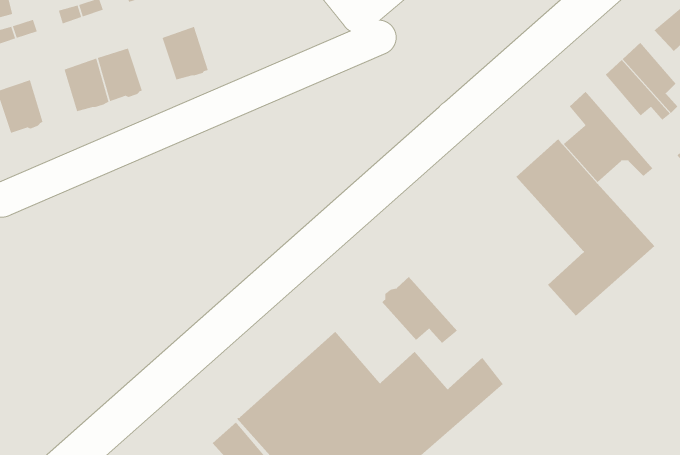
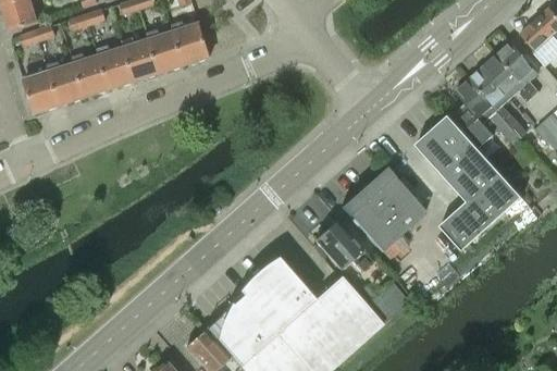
building: none -> [173,23,209,64]
building: none -> [123,39,159,79]
building: none -> [49,63,84,103]
building: none -> [469,67,527,138]
building: none -> [339,166,424,251]

